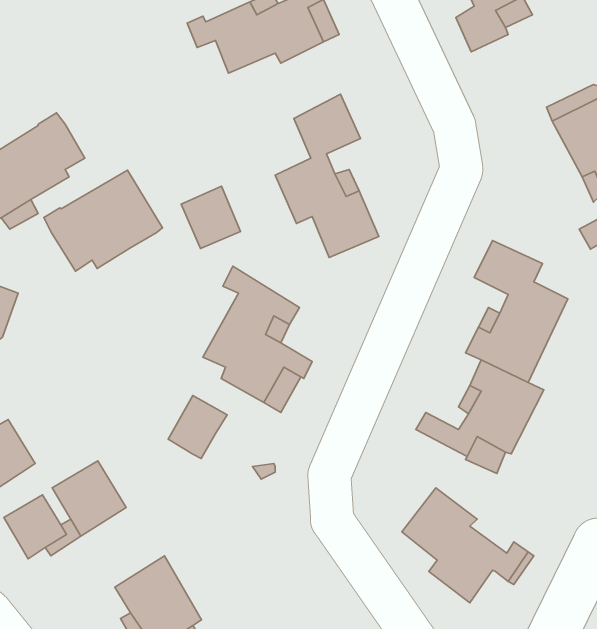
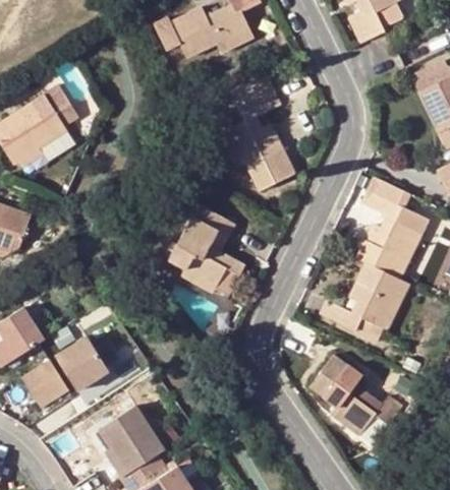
building: [44,170,163,271] -> none
building: [181,186,240,249] -> none
building: [168,396,227,459] -> none

